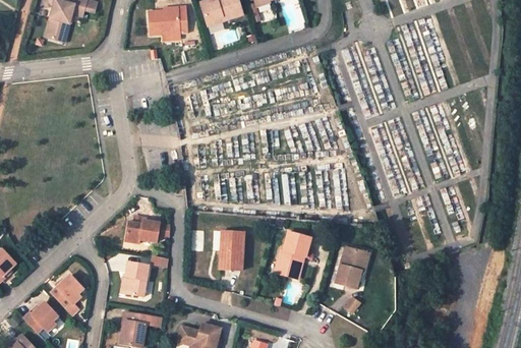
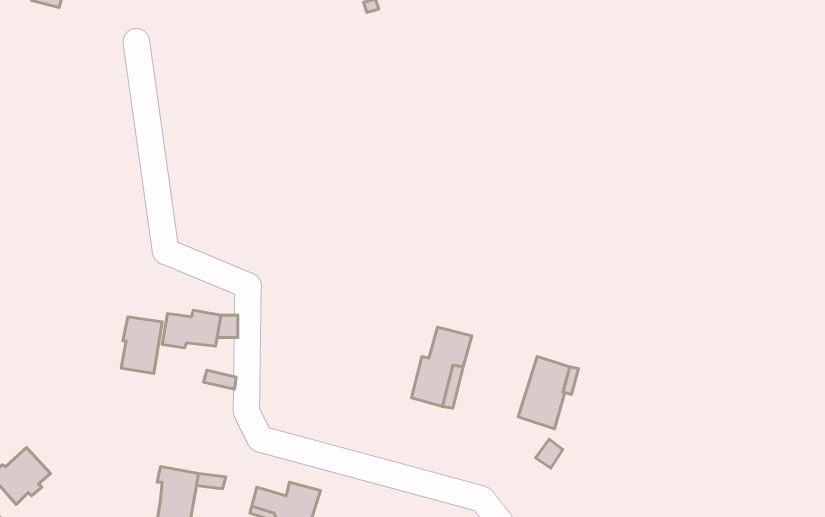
building: [219,231,244,270] -> none
building: [123,263,148,296] -> [121,317,162,373]
building: [50,275,81,315] -> none

